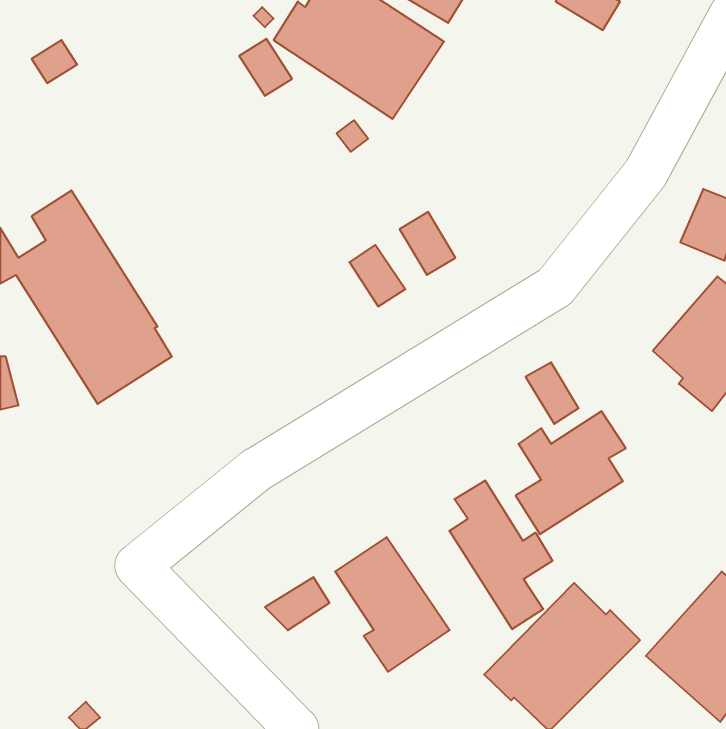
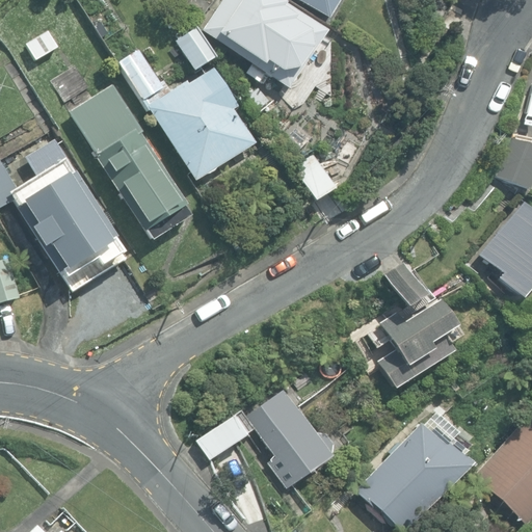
building: none -> [119,50,256,180]
building: none -> [71,84,191,238]
building: [449,480,553,629] -> none

